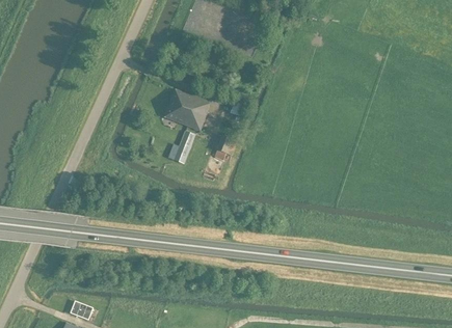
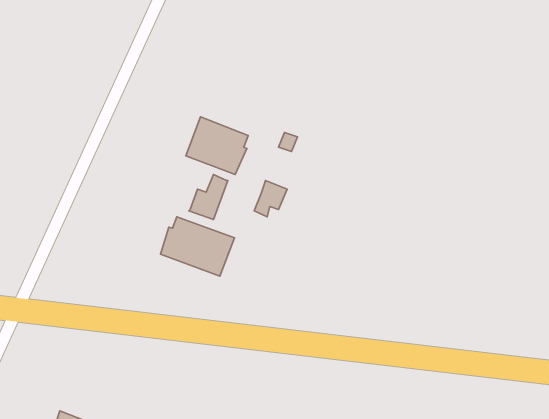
building: none -> [161,217,235,276]

